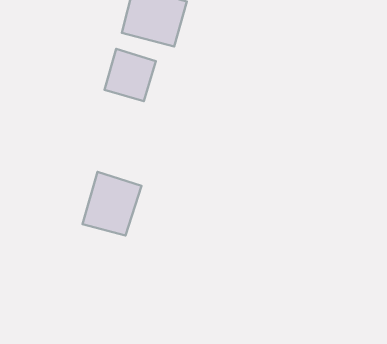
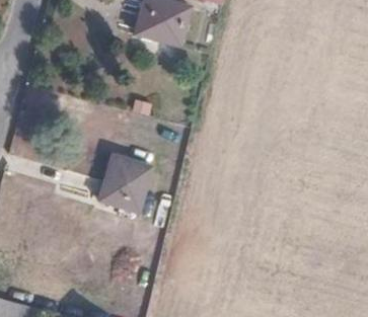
building: [105,49,156,101] -> none

